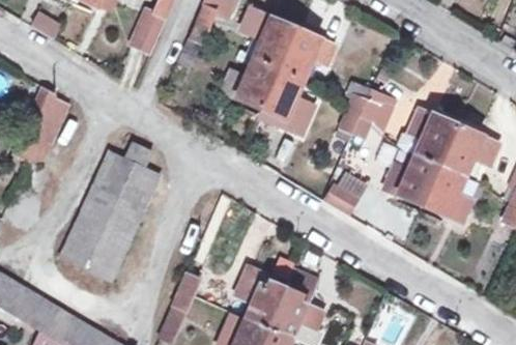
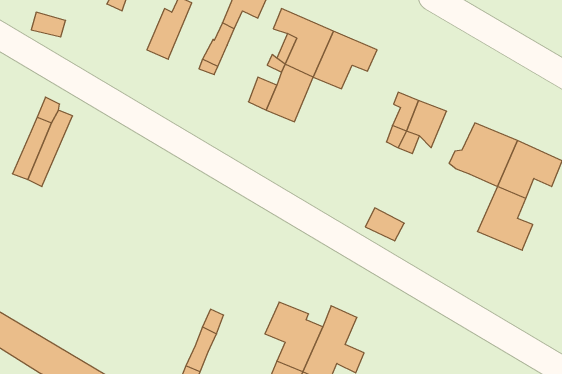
building: [261,68,306,123] -> none
building: [60,141,160,280] -> none
building: [384,153,439,204] -> none

